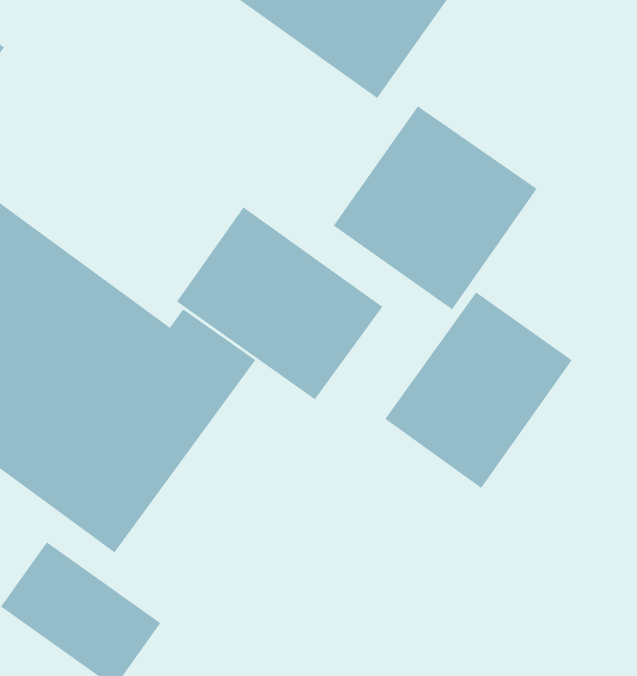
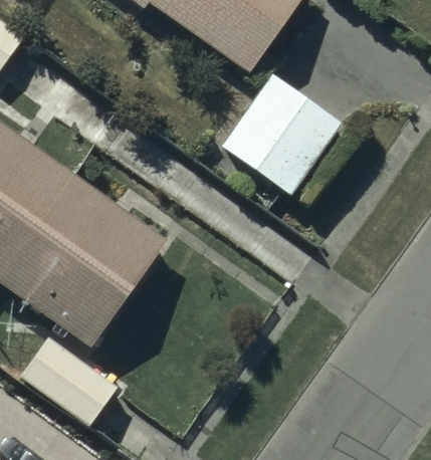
building: [176,207,383,400] -> none
building: [384,292,573,489] -> none

